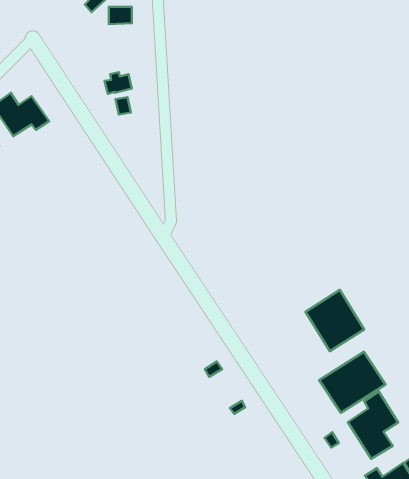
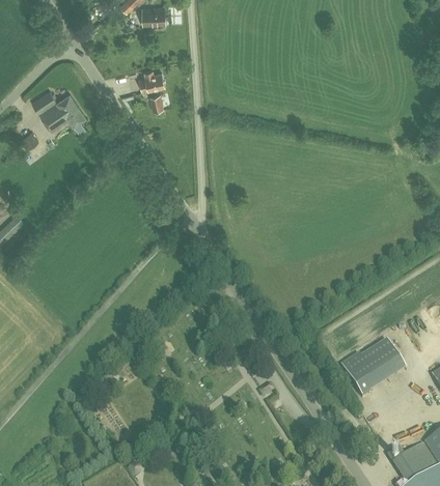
building: [305,290,364,351] -> none
building: [348,392,398,459] -> none

